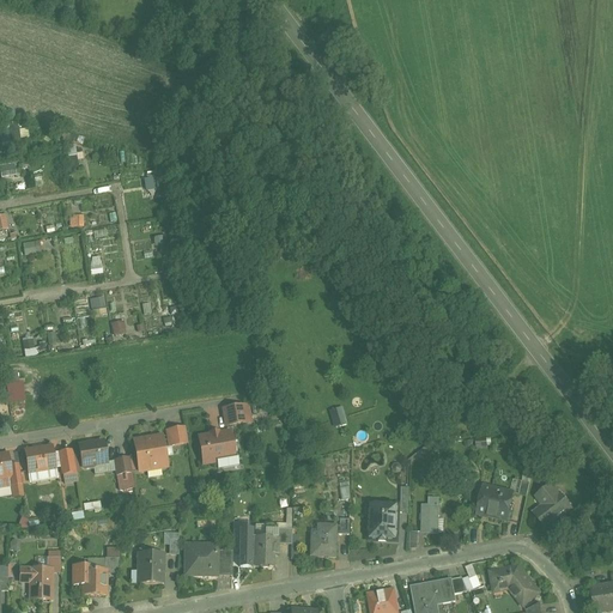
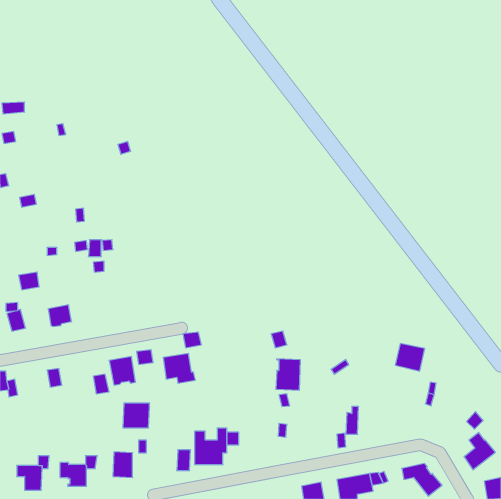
building: [78,439,107,466] -> [48,305,72,327]
building: [24,445,54,471] -> none
building: [534,481,572,527] -> [464,432,495,470]
building: [477,485,512,518] -> [395,344,425,371]
building: [368,502,397,540] -> [276,359,300,390]
building: [310,522,335,554] -> none
building: [184,544,217,573] -> [123,403,150,428]

